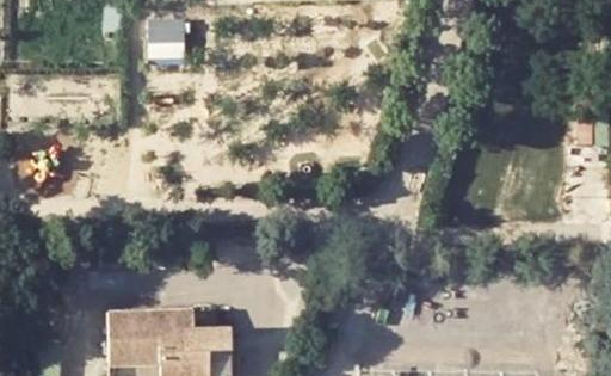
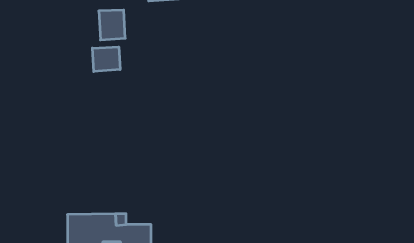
building: none -> [92,47,120,72]

